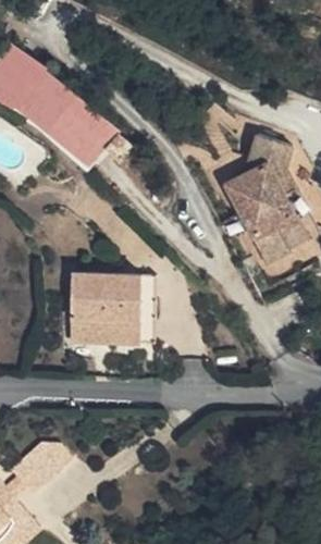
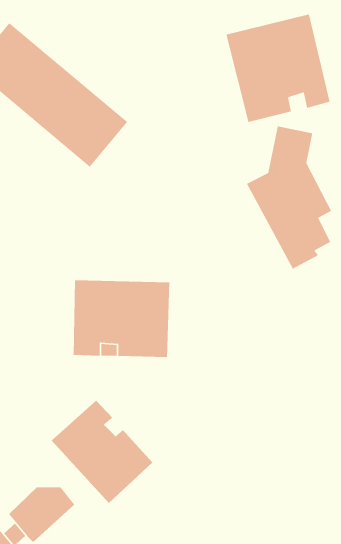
building: none -> [226,13,331,123]
building: none -> [51,400,153,504]

